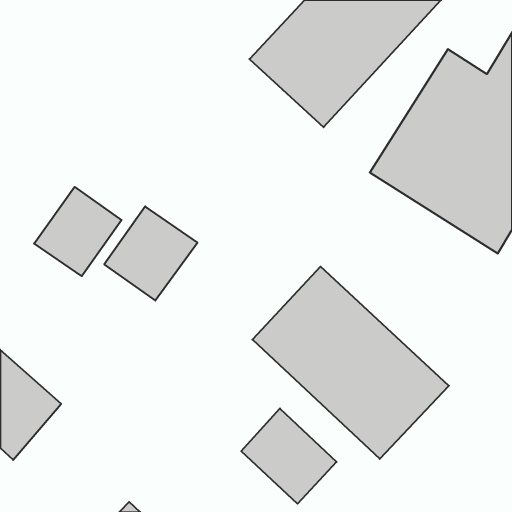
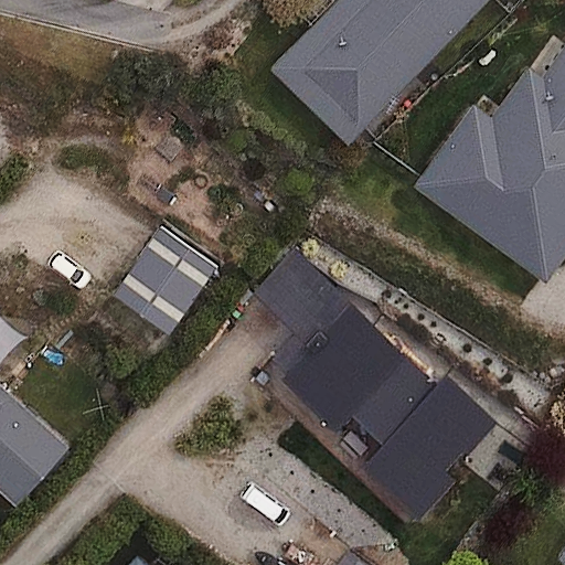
building: [34,187,122,276] -> none
building: [241,408,337,504] -> none

